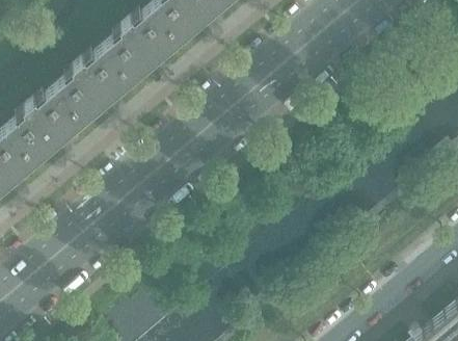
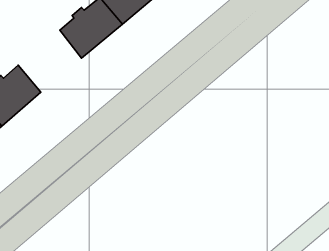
building: [55,49,131,123] -> none

